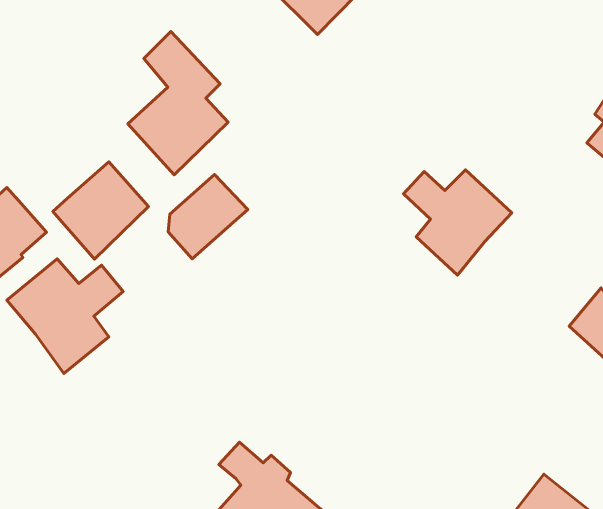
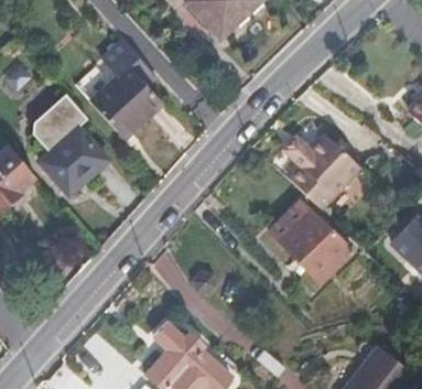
building: [168,174,248,259] -> [33,95,88,153]
building: [7,259,123,373] -> none
building: none -> [271,202,354,283]

